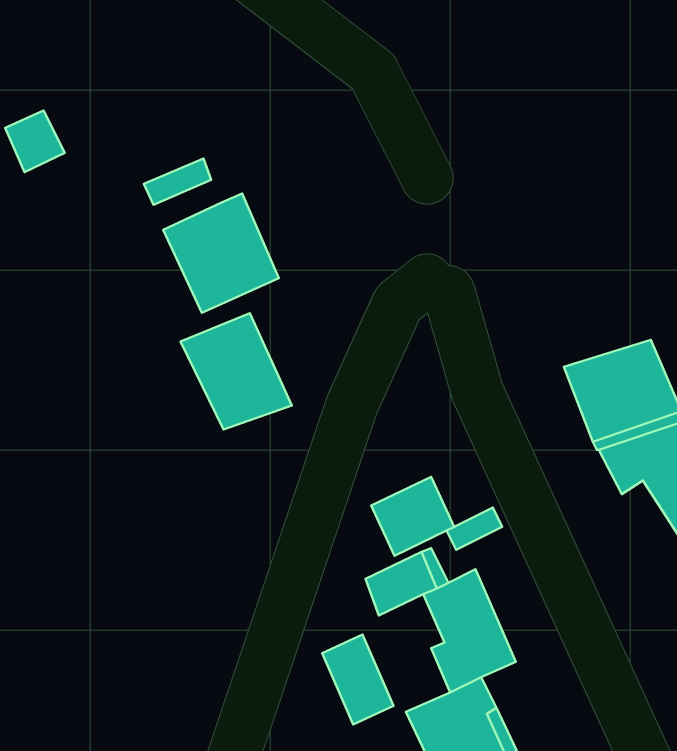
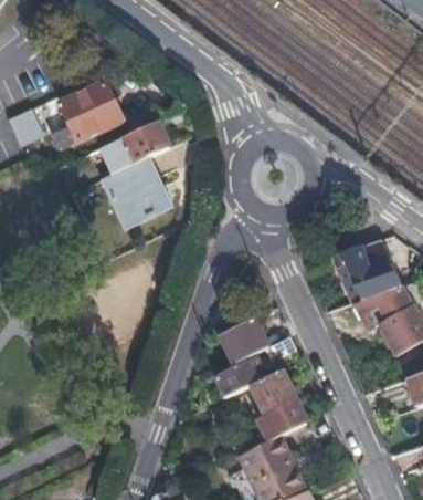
building: none -> [63,82,123,139]
building: none -> [125,122,167,162]
building: [181,313,292,430] -> none
building: [322,634,393,724] -> none

